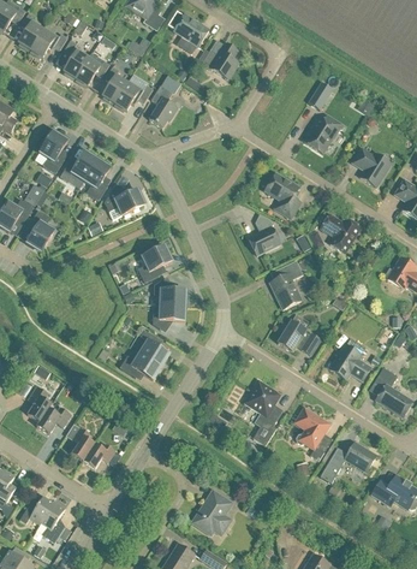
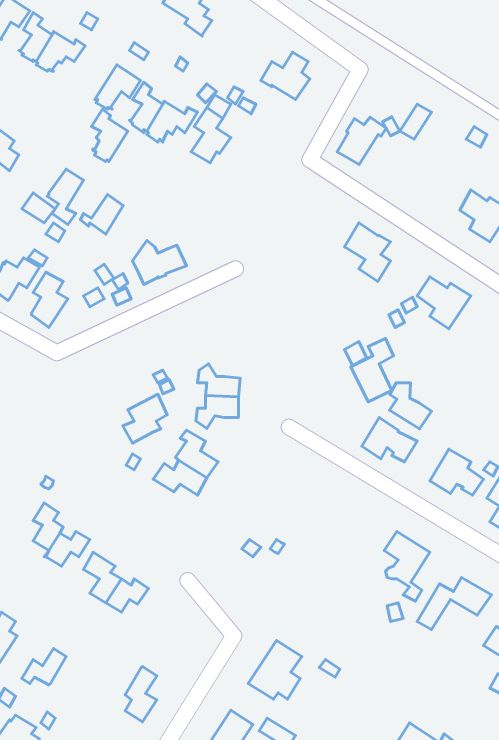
building: [168,12,208,47] -> none
building: [61,40,89,79] -> [91,109,128,161]
building: [304,117,341,153] -> [337,117,386,165]
building: [83,160,109,201] -> none
building: [248,214,280,255] -> none
building: [137,245,171,283] -> [123,394,167,443]
building: none -> [389,383,432,429]
building: [244,380,280,446] -> none
building: [41,502,65,544] -> [125,666,157,722]

